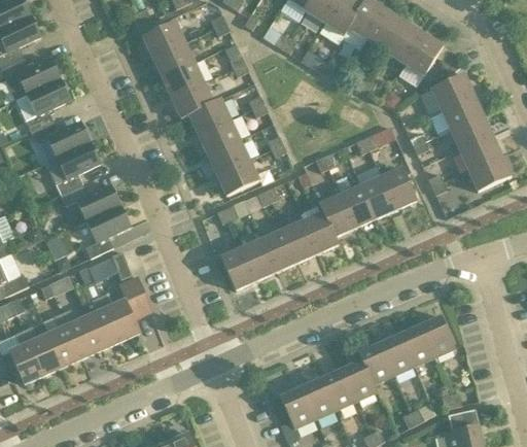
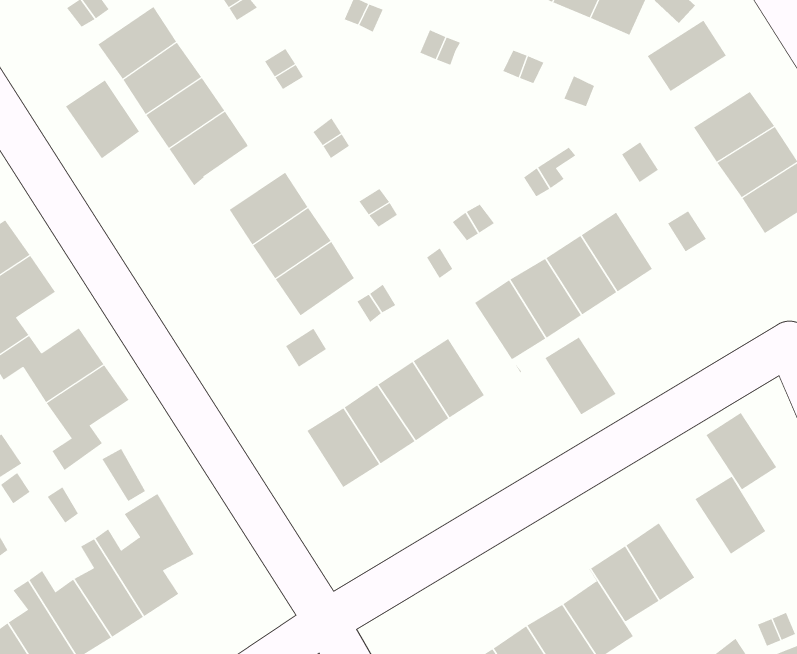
building: none -> [65,80,140,159]
building: [440,94,482,129] -> none
building: [187,98,231,134] -> none
building: [303,203,338,252] -> [544,323,617,415]
building: [398,324,433,366] -> [706,412,777,490]

